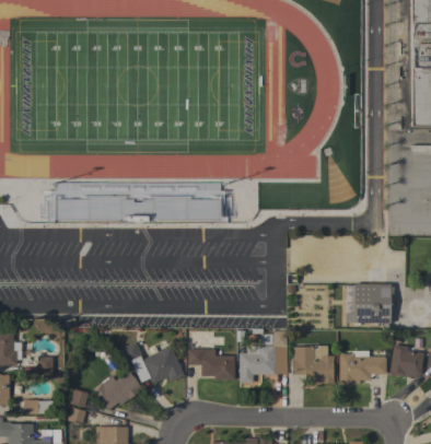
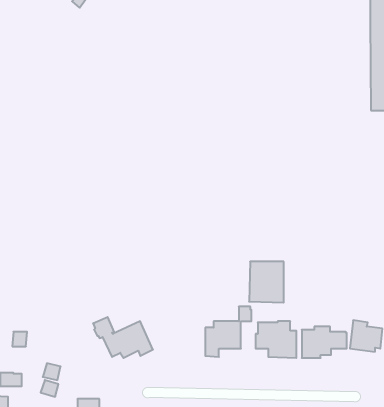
building: [352,283,388,326] -> [249,262,284,303]
building: [187,349,234,379] -> none
building: [93,370,142,410] -> none

